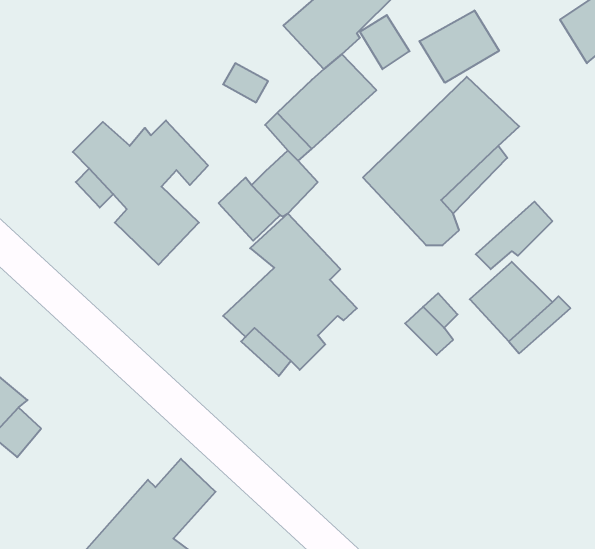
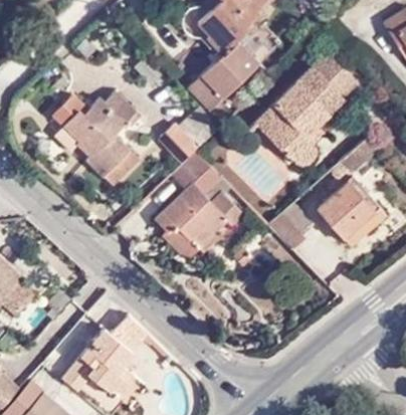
building: [419,10,499,83] -> none

